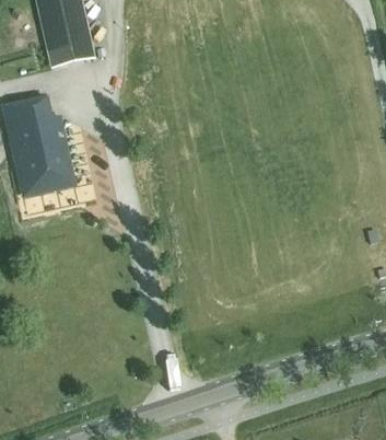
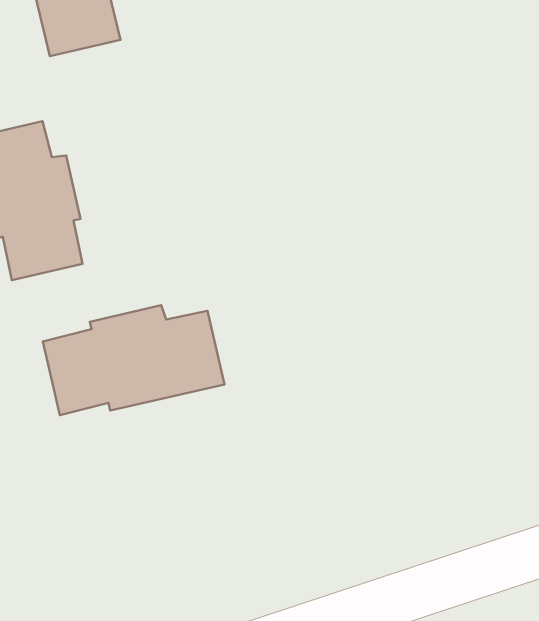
building: none -> [43,305,224,415]

